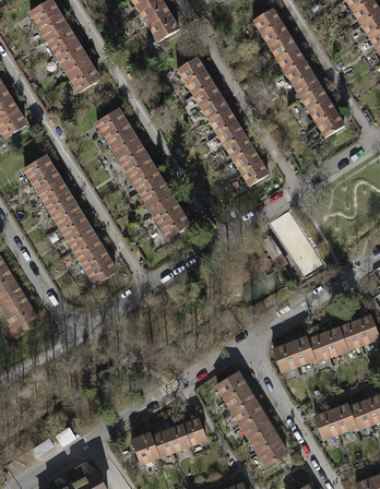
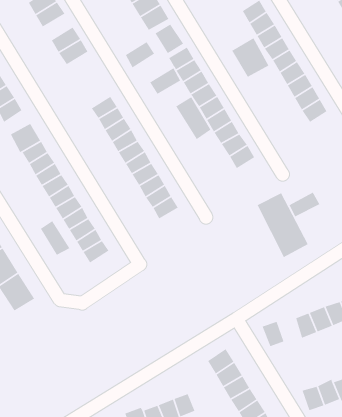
building: [46,23,78,50] -> none
building: none -> [155,24,184,54]
building: none -> [231,37,270,78]
building: [71,62,103,91] -> [125,41,155,68]
building: none -> [149,67,181,95]
building: none -> [175,96,212,140]
building: none -> [10,123,41,153]
building: none -> [289,191,320,218]
building: none -> [40,220,70,256]
building: [290,336,314,365] -> none

